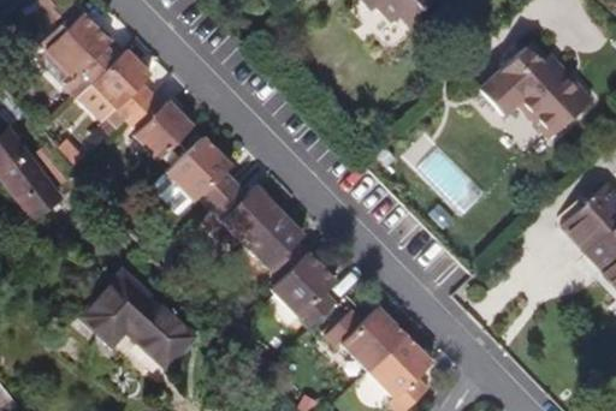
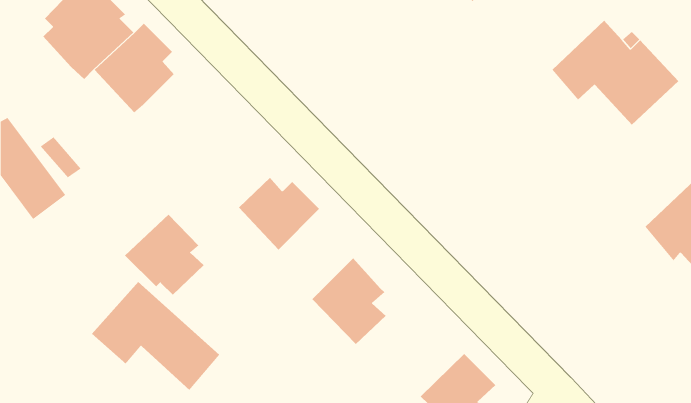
building: [128,94,194,160] -> none
building: [167,138,237,209] -> [124,214,205,296]
building: [244,210,309,282] -> none
building: [322,306,405,373] -> none

